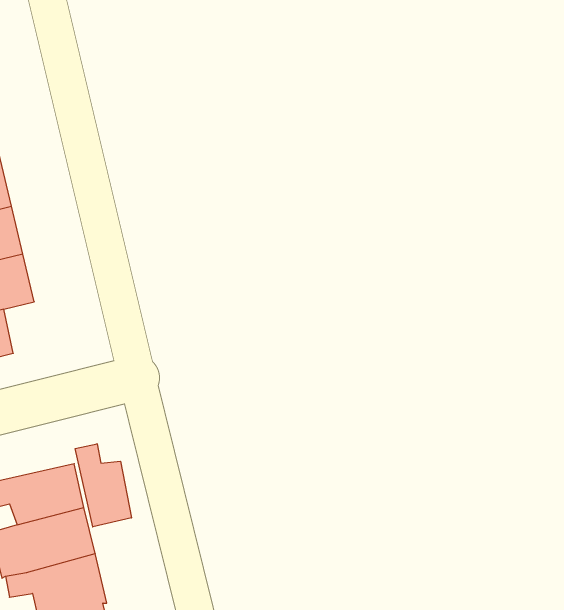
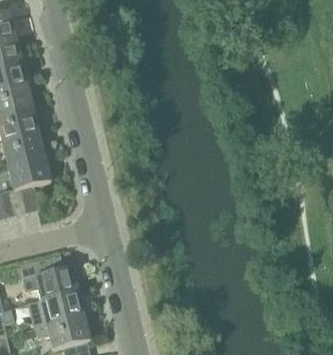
building: [75,444,131,527] -> none

